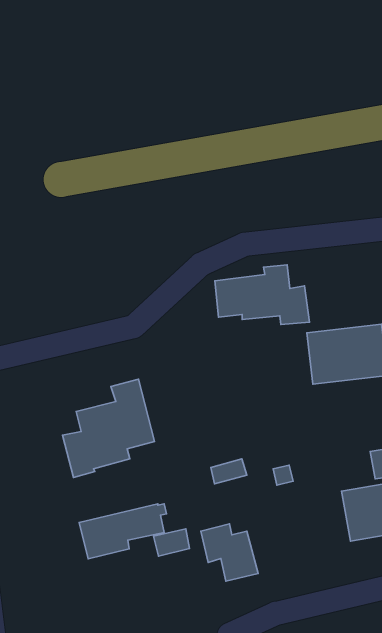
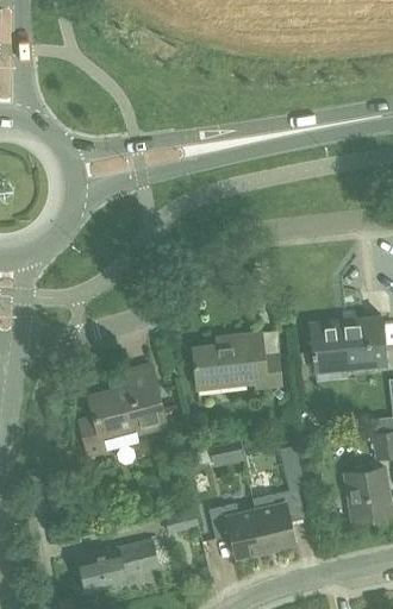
building: [215,265,310,325] -> [192,333,282,390]
building: [79,504,167,559] -> [76,540,160,592]
building: none -> [252,489,305,551]

